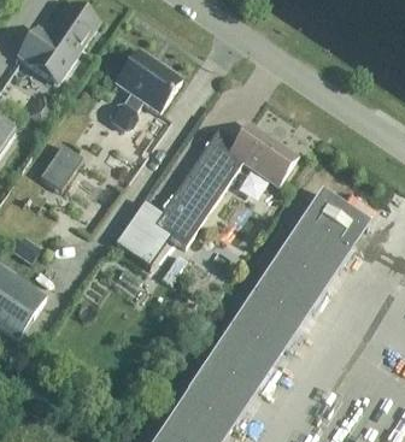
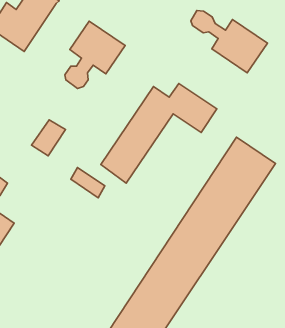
building: none -> [191,10,267,73]
building: [39,143,81,188] -> [32,120,66,156]

